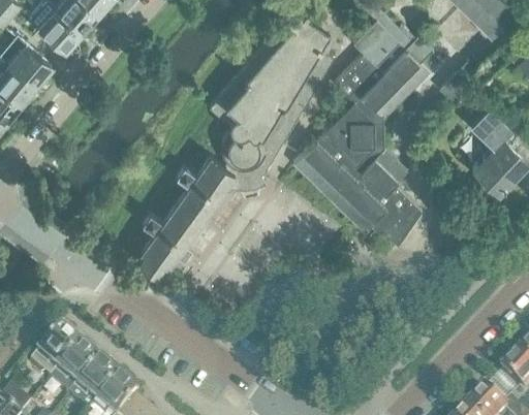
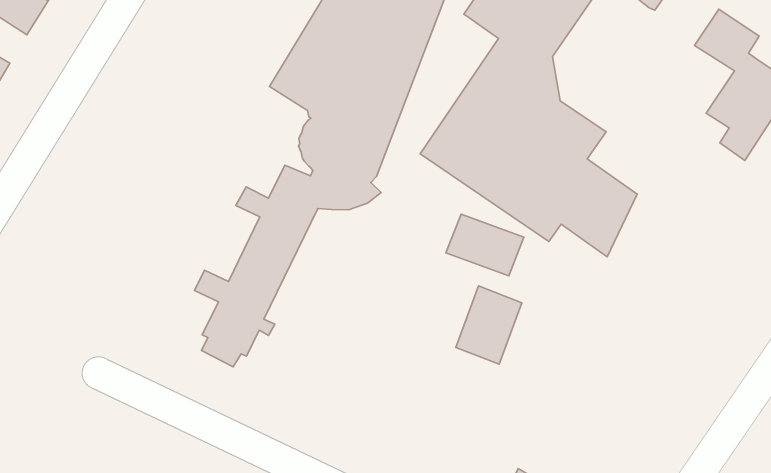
building: none -> [446,214,524,276]
building: none -> [456,286,522,364]

